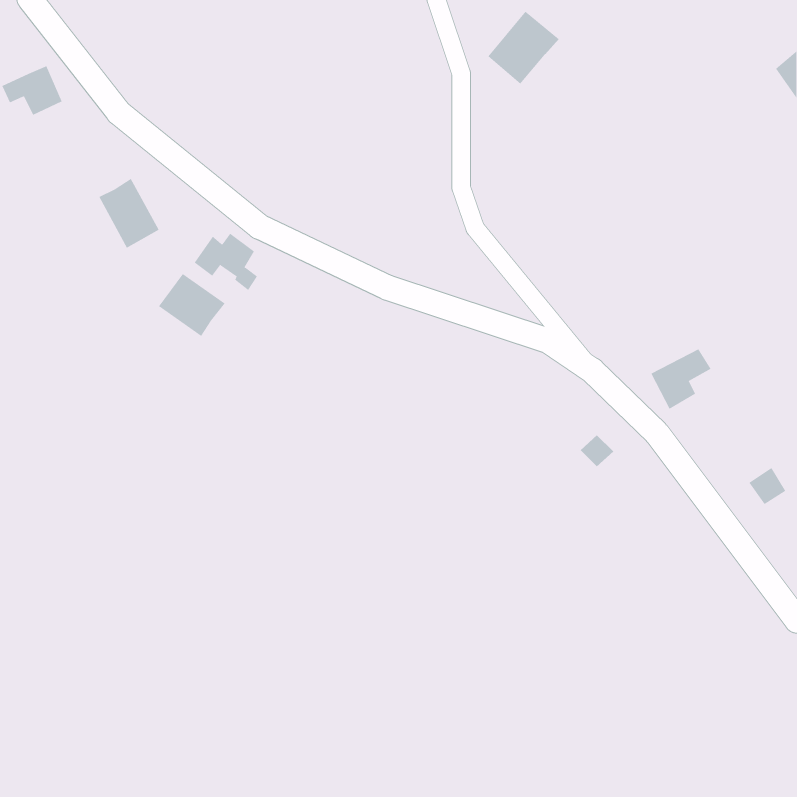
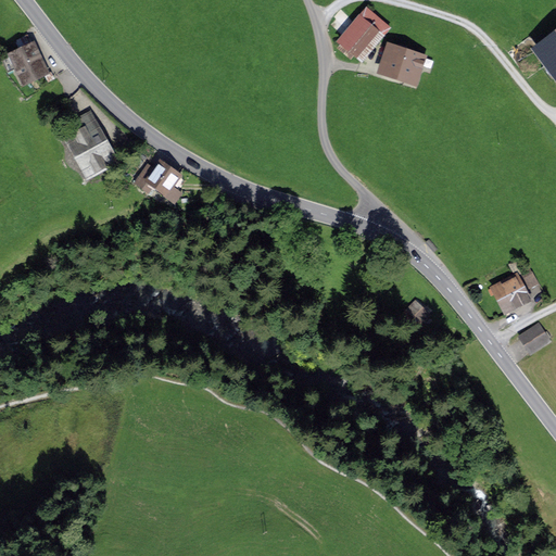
building: none -> [380,45,424,79]
building: [158,273,226,337] -> none
building: [650,348,711,409] -> [494,267,536,309]

